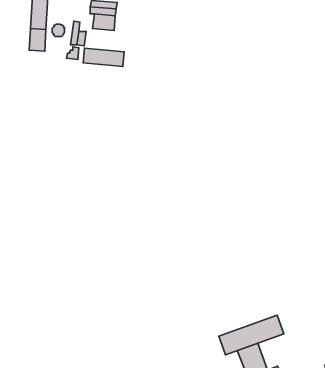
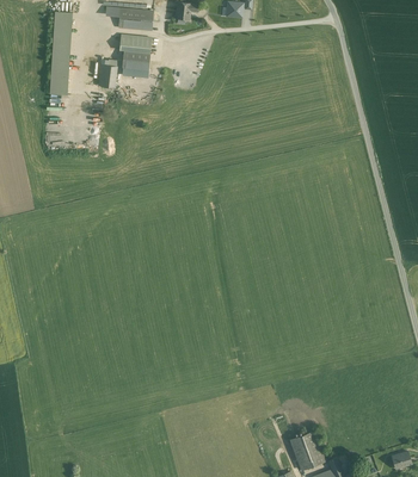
building: [83,48,124,67] -> none
building: [219,315,284,355] -> none

